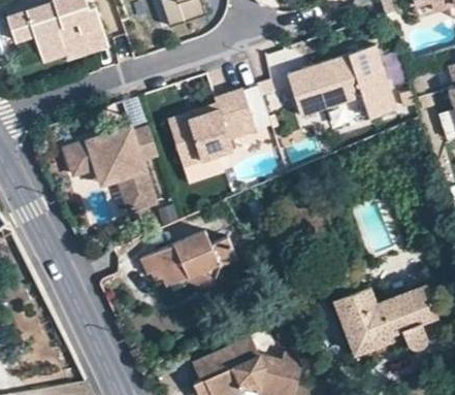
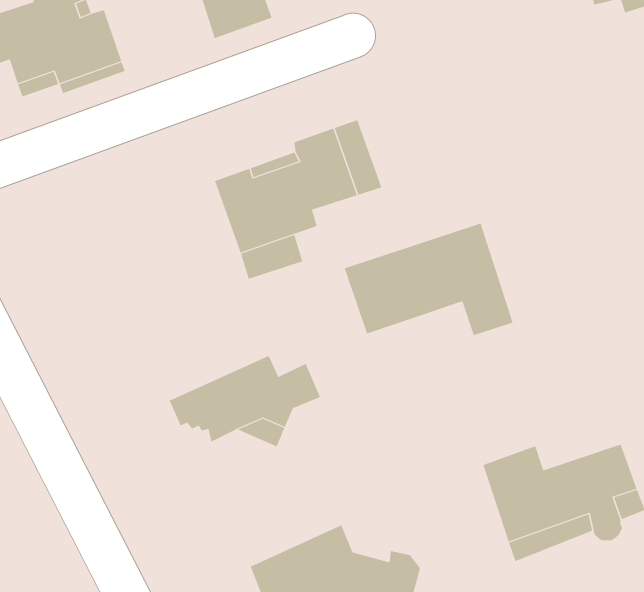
building: [290,39,398,111] -> [344,223,514,336]
building: [67,127,157,211] -> none

